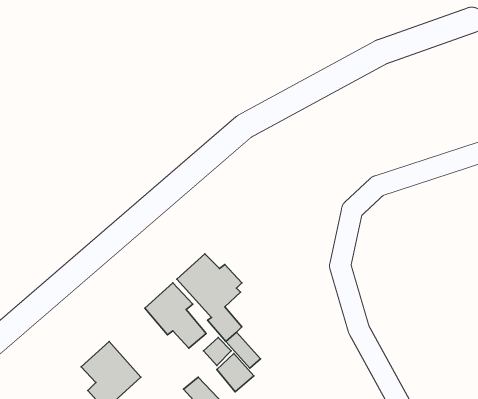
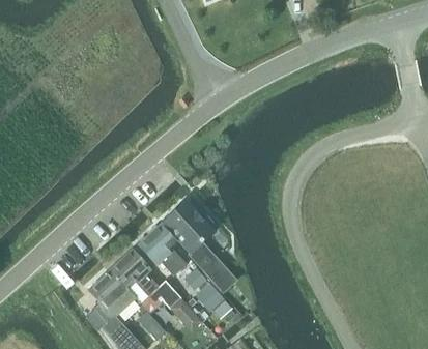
building: none -> [111,249,171,301]

